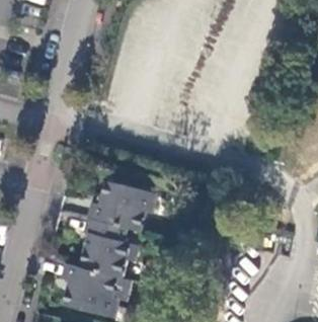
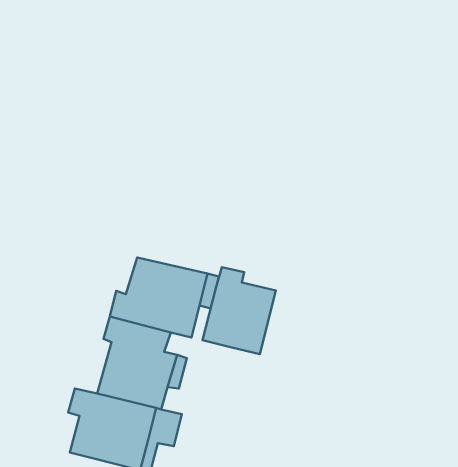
building: none -> [203,267,276,354]

